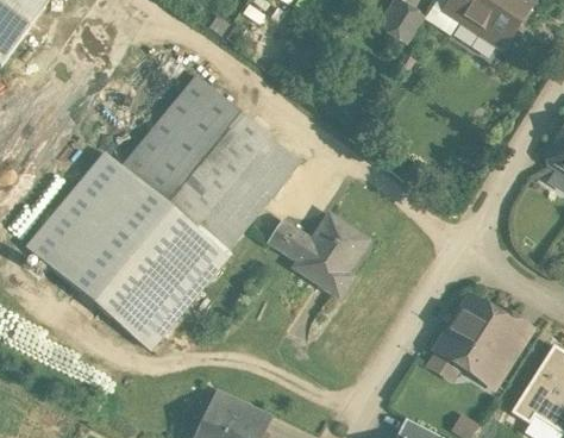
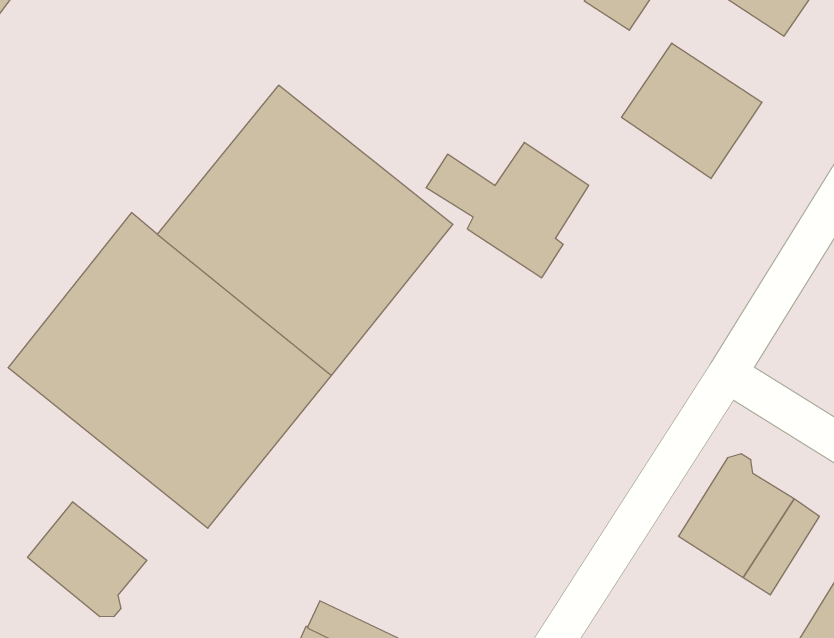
building: none -> [622,43,762,179]
building: [267,214,365,296] -> [426,142,589,278]
building: none -> [28,502,147,617]

